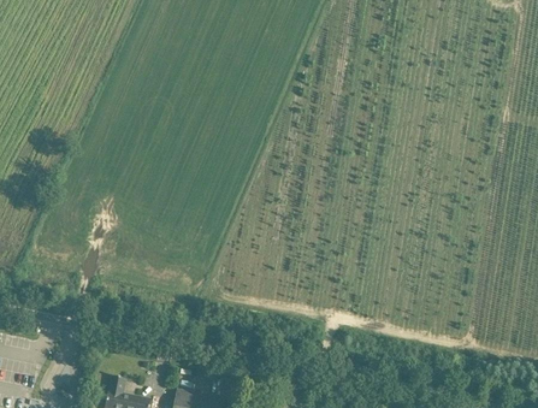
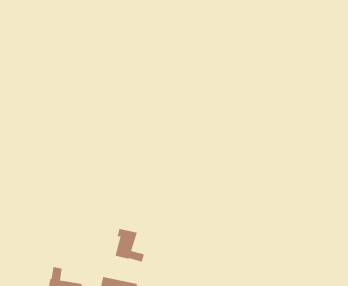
building: none -> [115,228,145,262]

